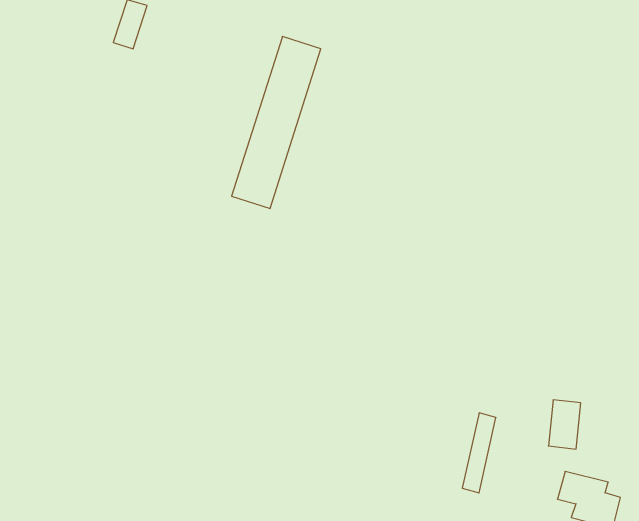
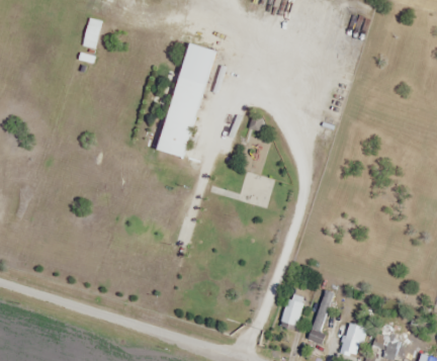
building: [548,400,581,449] -> [341,324,362,356]
building: none -> [279,293,303,327]

